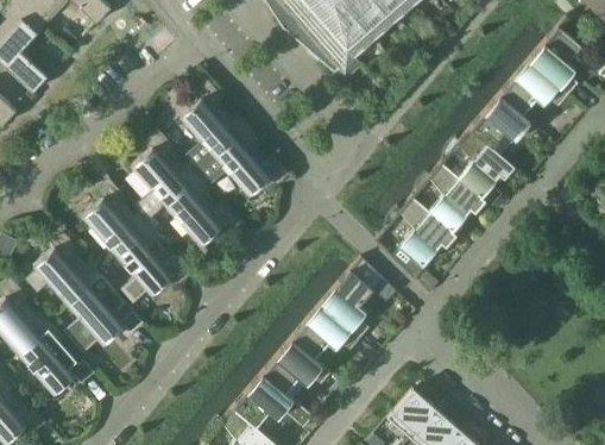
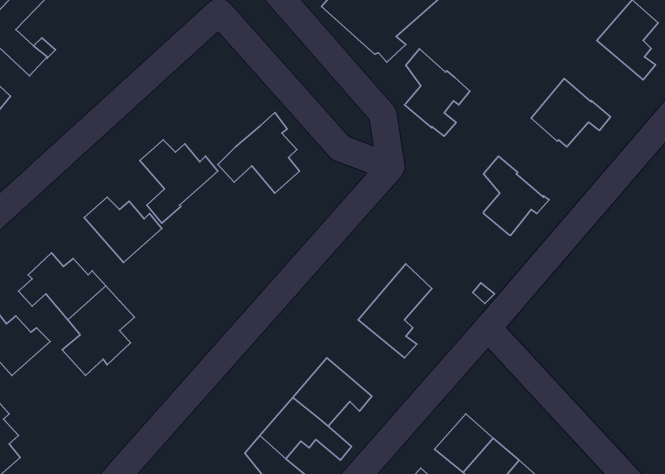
building: [500,62,569,115] -> none
building: [179,98,248,170] -> none
building: [459,130,516,206] -> [404,49,470,136]
building: [165,176,220,245] -> none
building: [392,198,458,280] -> none
building: [116,226,171,305] -> none
building: [294,306,361,358] -> none
building: [19,325,78,394] -> none

